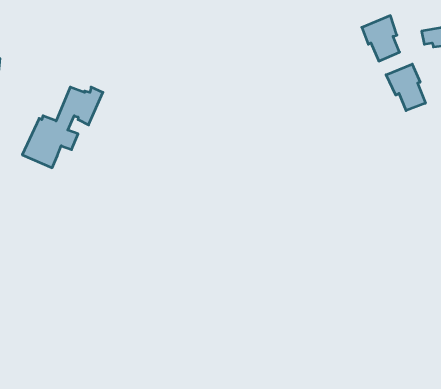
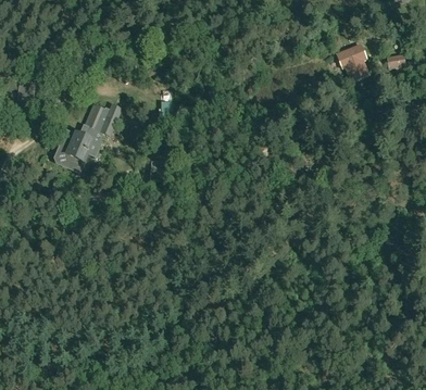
building: [386,64,425,111] -> none

